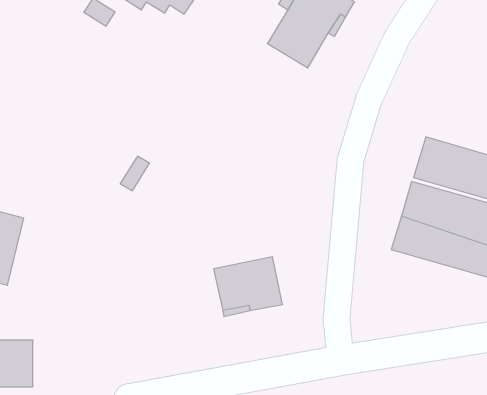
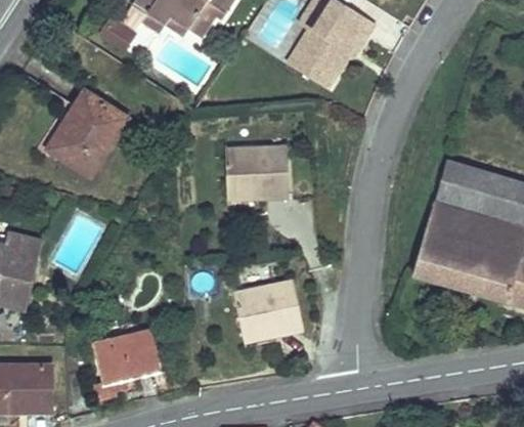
building: none -> [48,90,127,175]
building: none -> [225,145,289,197]
building: none -> [96,331,157,380]

